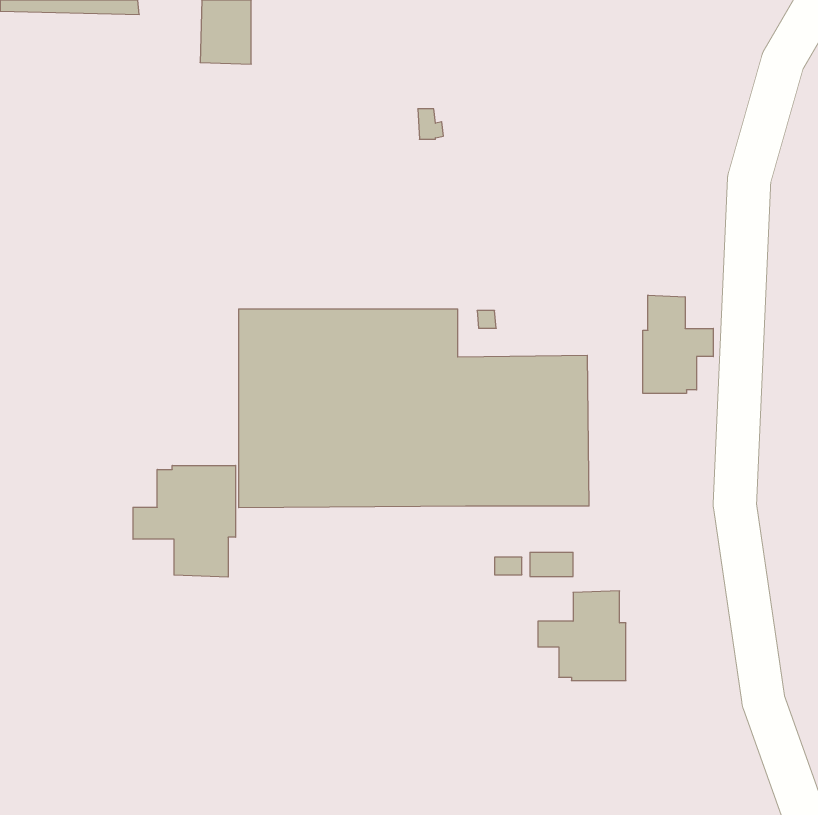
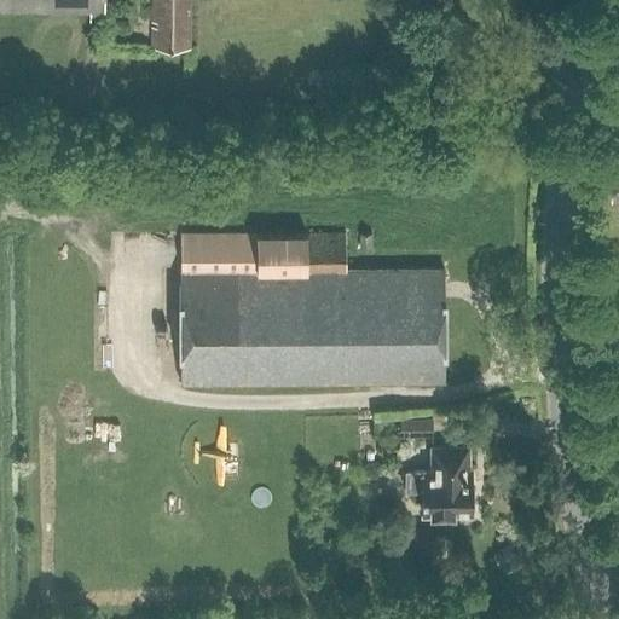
building: [643,295,713,393] -> none
building: [133,465,236,577] -> none

